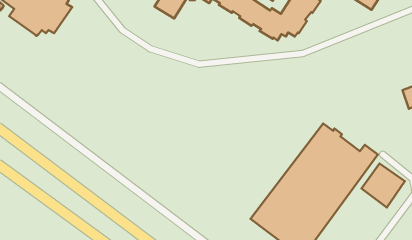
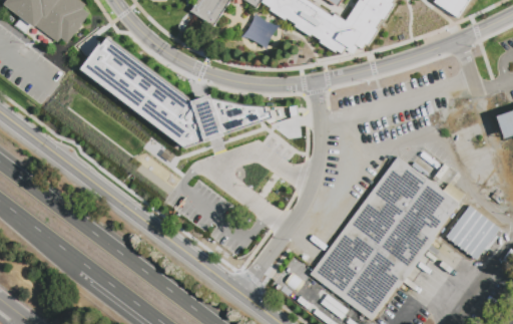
building: none -> [242,14,275,46]
building: none -> [81,35,301,145]

